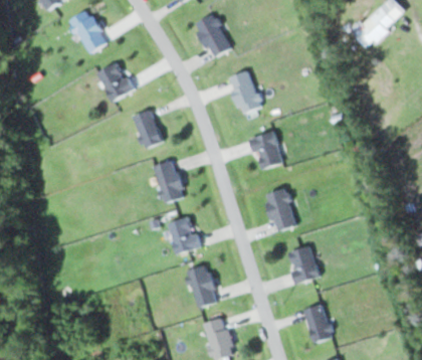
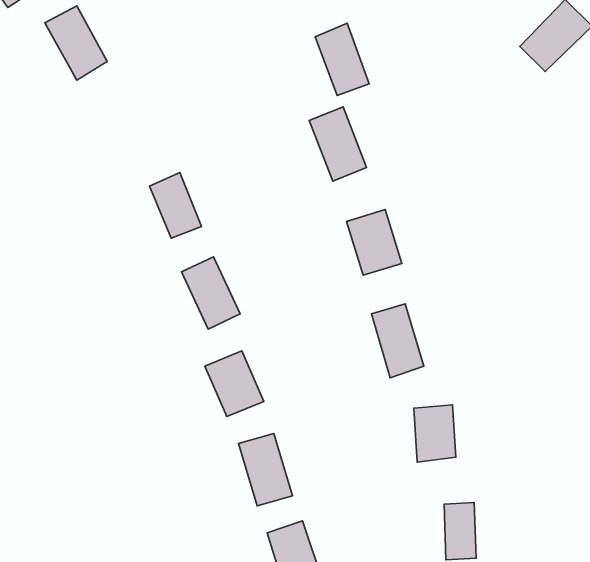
building: [196,13,228,56] -> [315,23,369,96]
building: [98,62,131,100] -> none

